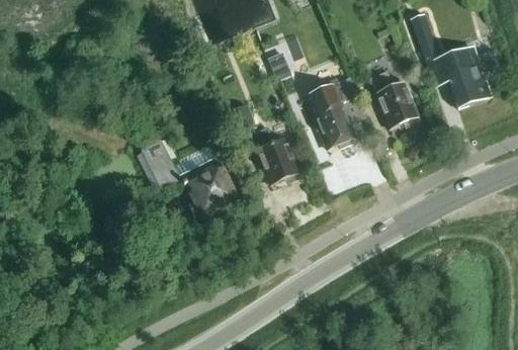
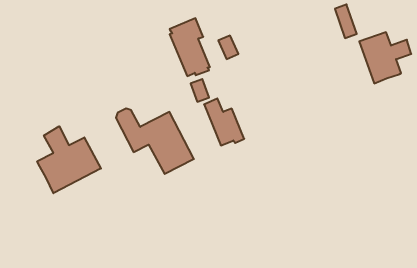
building: [369,70,418,126] -> none
building: [307,79,355,149] -> [170,18,210,76]
building: none -> [37,126,101,193]

